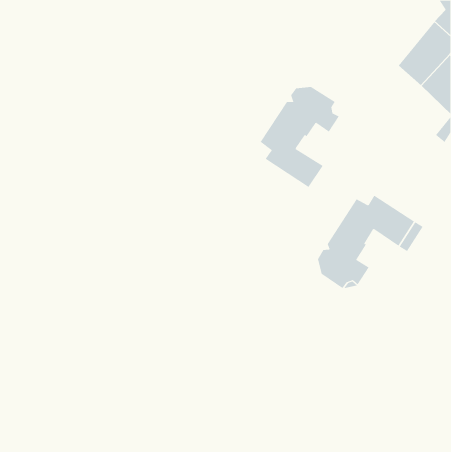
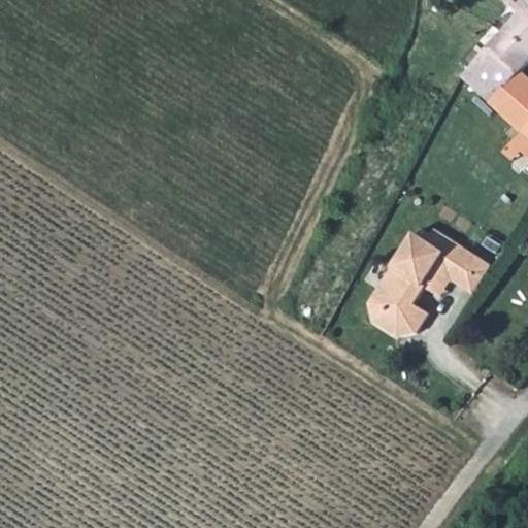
building: [260,86,339,188] -> none

